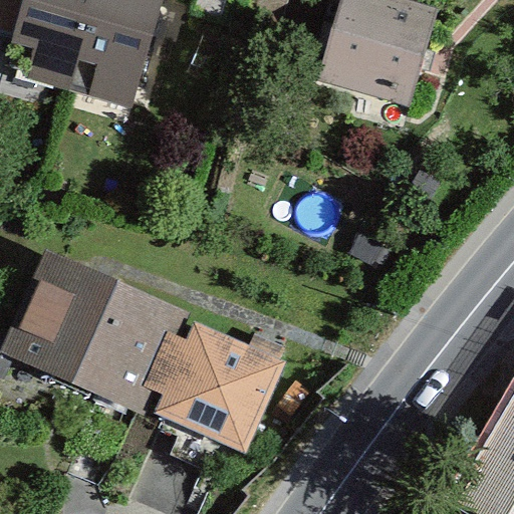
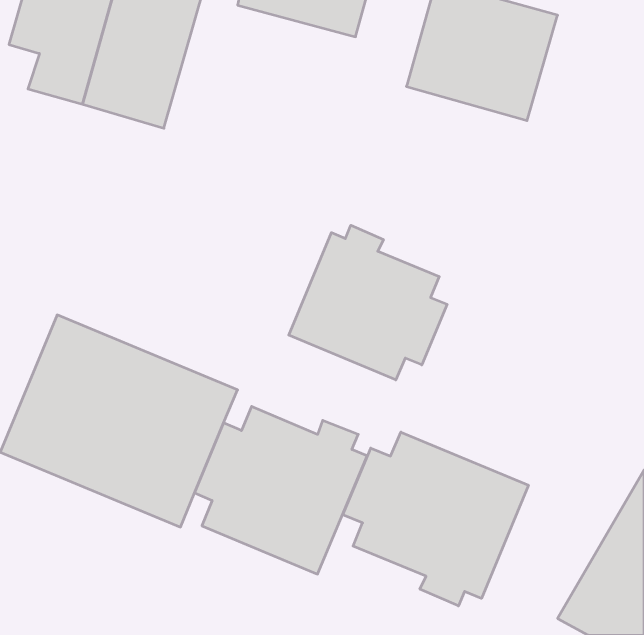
building: none -> [289,225,447,380]
building: none -> [343,432,528,606]

